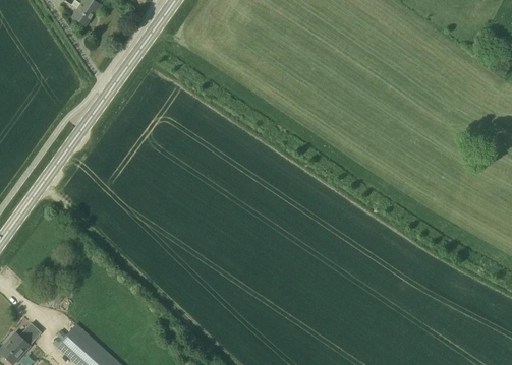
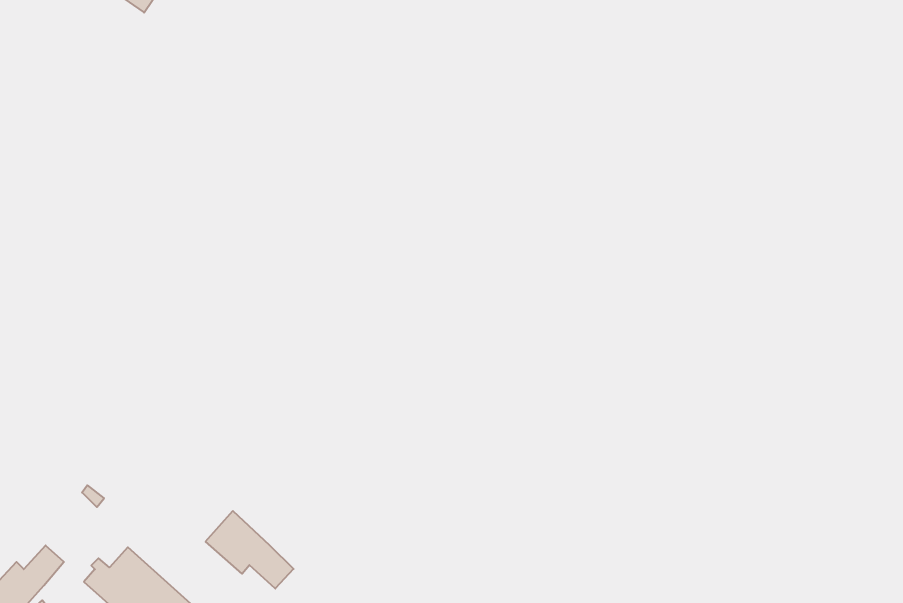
building: none -> [206,511,294,589]

